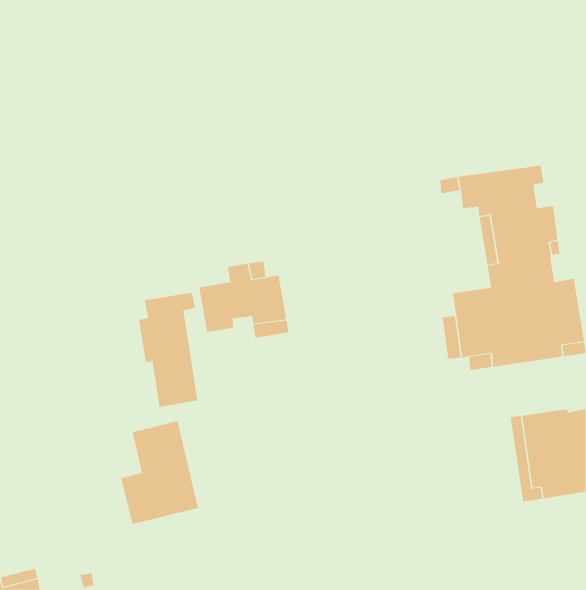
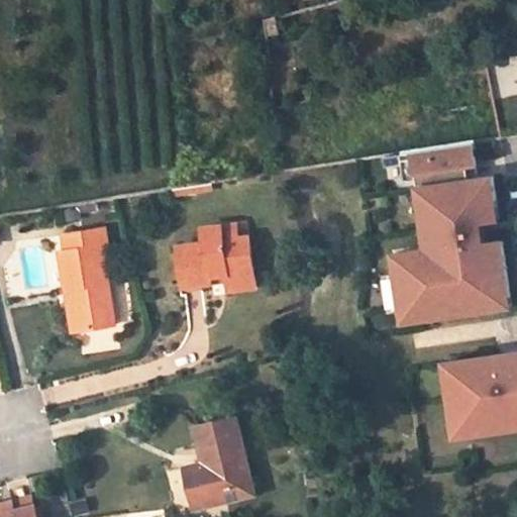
building: [138,292,198,408] -> [56,222,108,323]
building: [120,421,199,524] -> [184,417,252,508]

